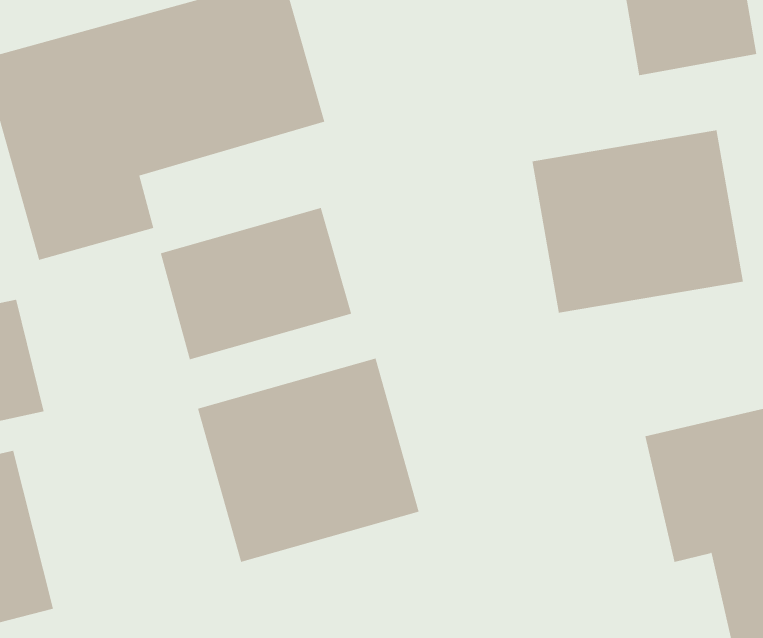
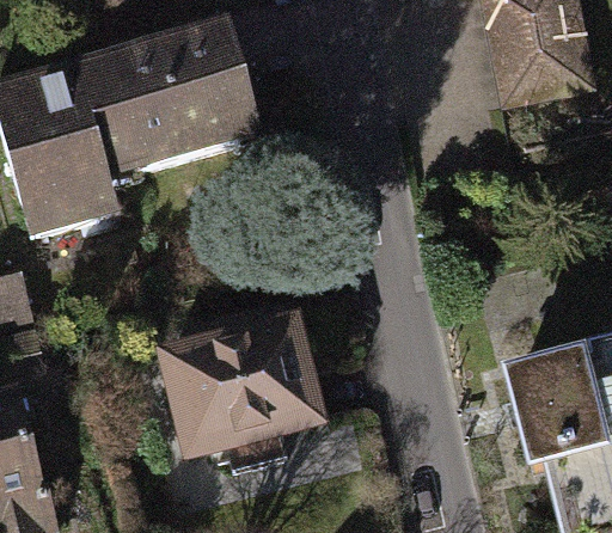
building: [532,130,743,314] -> none
building: [160,207,352,360] -> none

